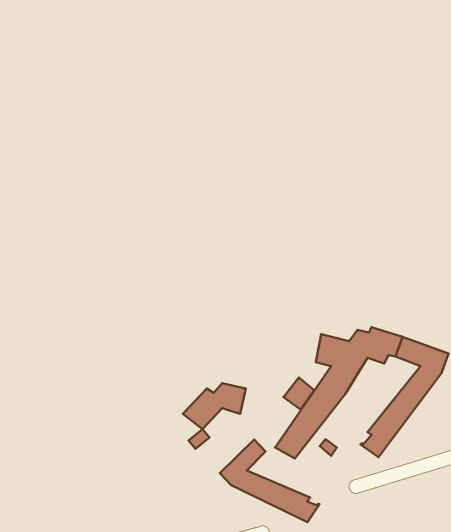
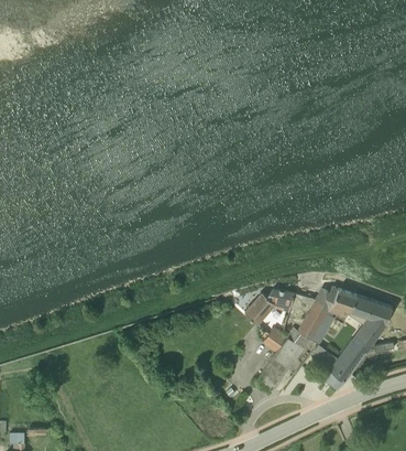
building: [183,383,246,429] -> [243,288,293,324]
building: [220,440,319,522] -> none

